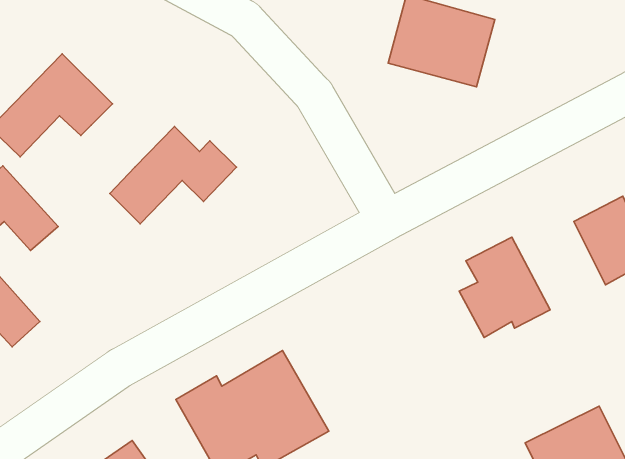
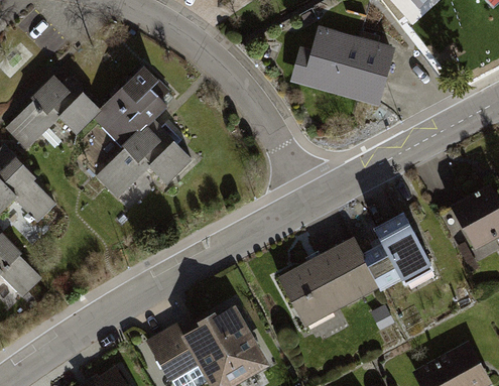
building: none -> [82,65,164,159]
building: none -> [277,238,382,330]

